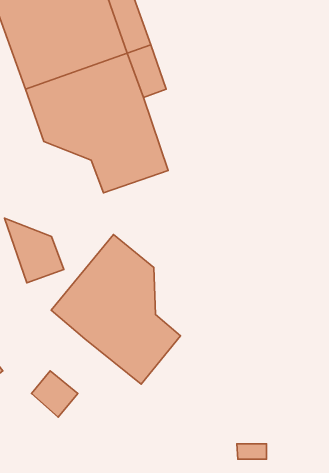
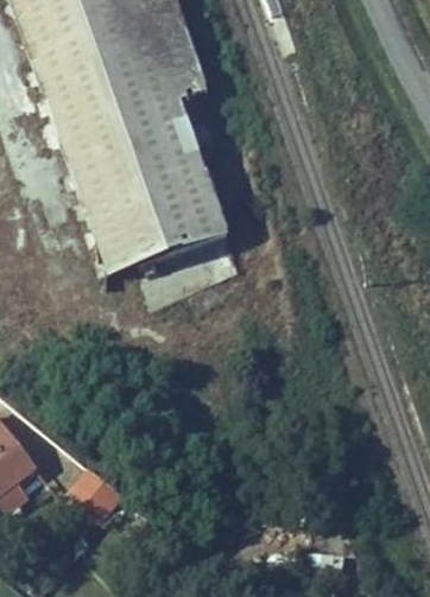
building: [4,218,64,283] -> [83,199,152,274]
building: [51,234,181,384] -> none

